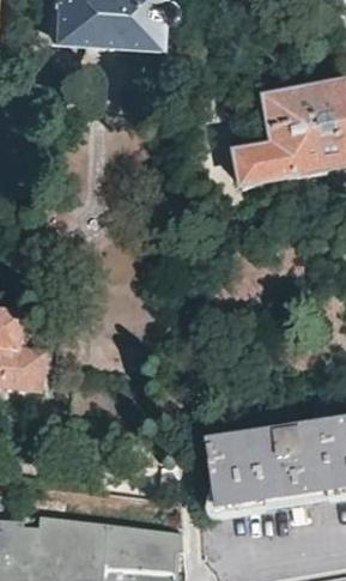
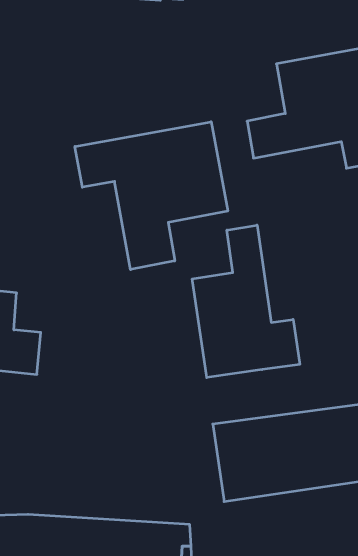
building: none -> [75,122,228,270]
building: none -> [192,225,300,378]

